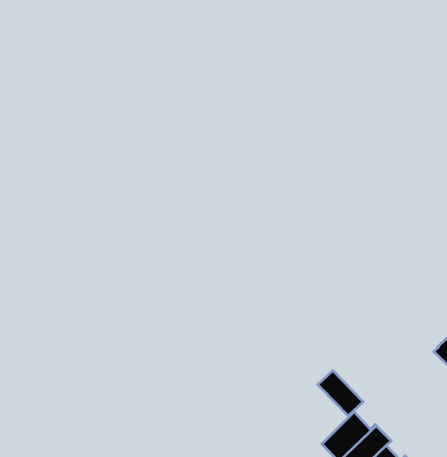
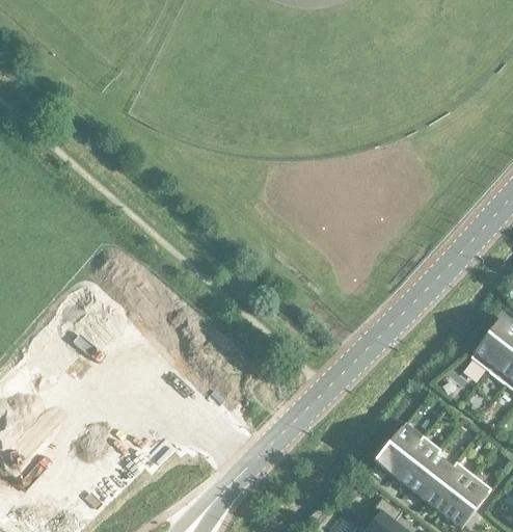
building: [318,371,363,416] -> none

